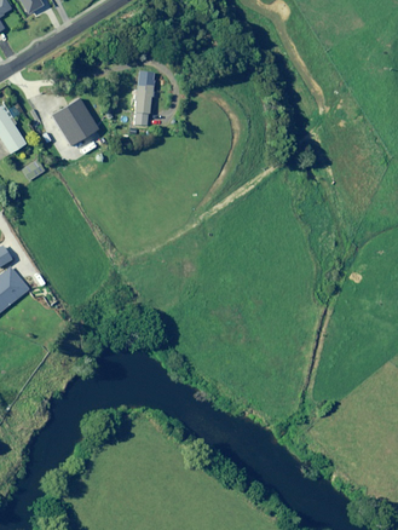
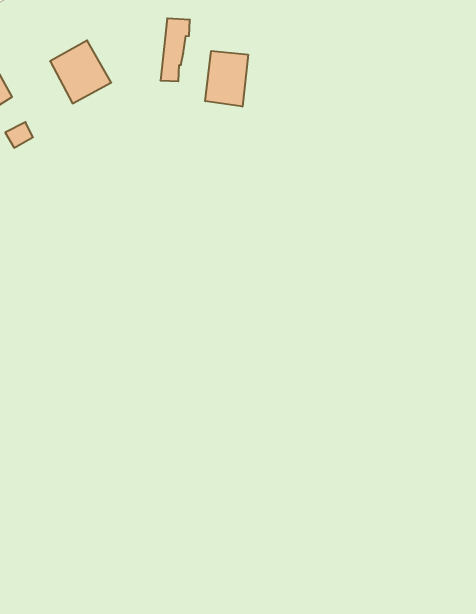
building: none -> [205,51,248,107]

